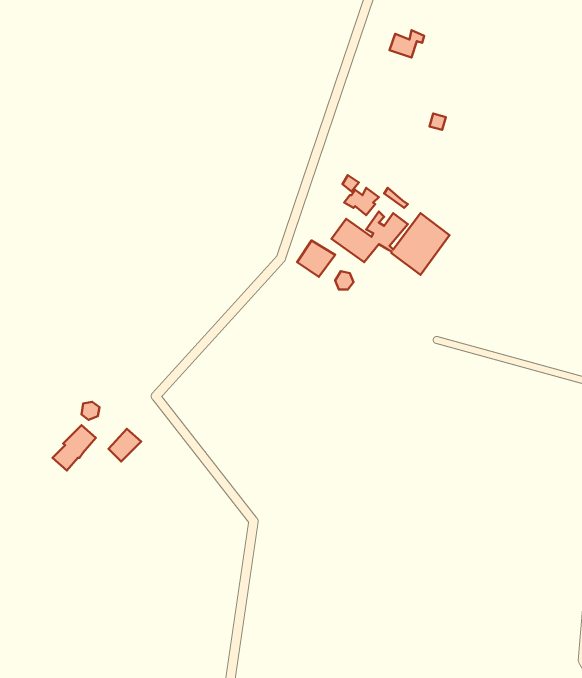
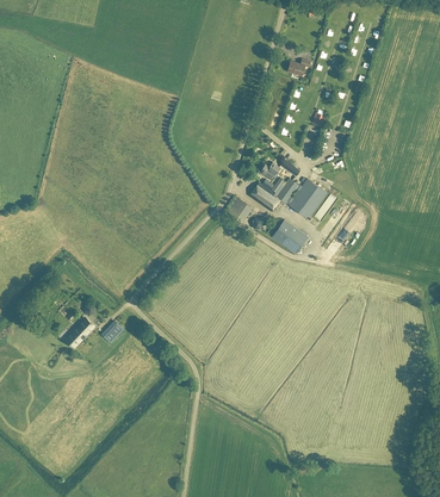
building: none -> [272,218,308,253]

